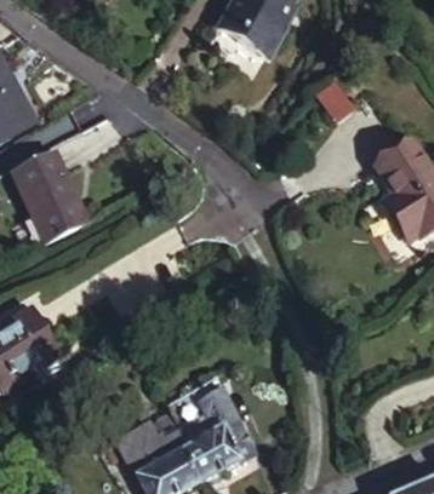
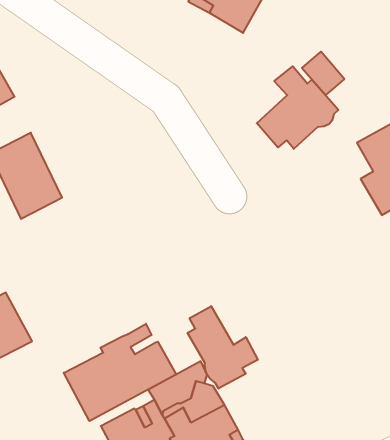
building: none -> [257,66,338,149]
building: none -> [188,306,258,389]
building: none -> [64,324,176,421]

